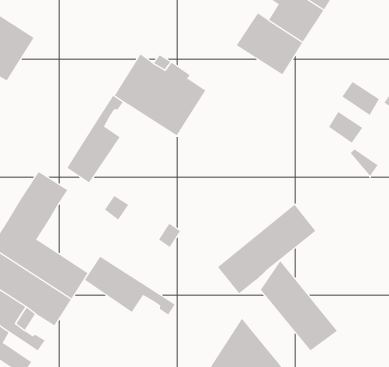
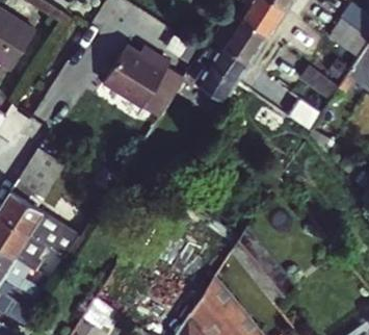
building: none -> [196,40,251,101]
building: [66,95,123,183] -> none
building: [217,204,316,294] -> none
building: [84,256,175,315] -> none

